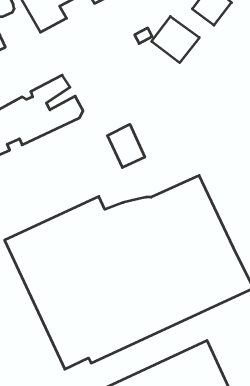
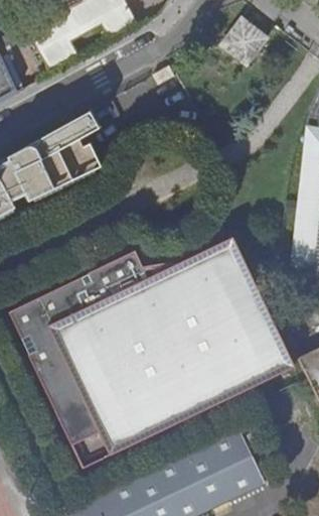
building: [152,16,199,63] -> none
building: [107,124,145,168] -> none

